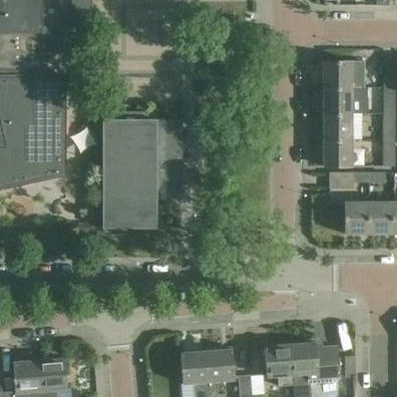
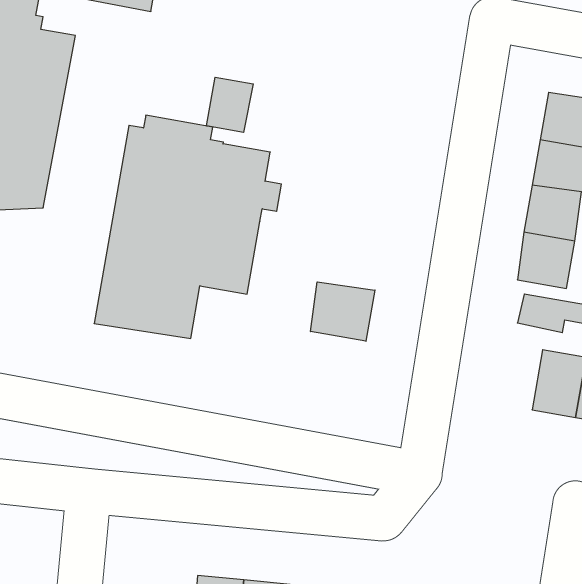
building: none -> [206,77,253,132]
building: none -> [311,282,375,341]

